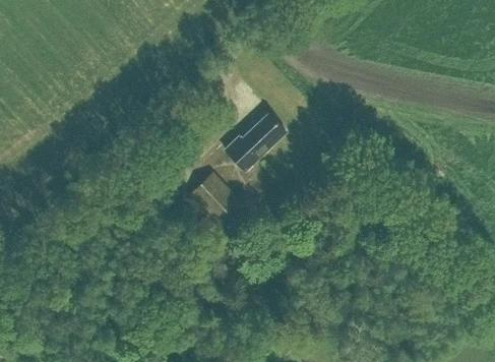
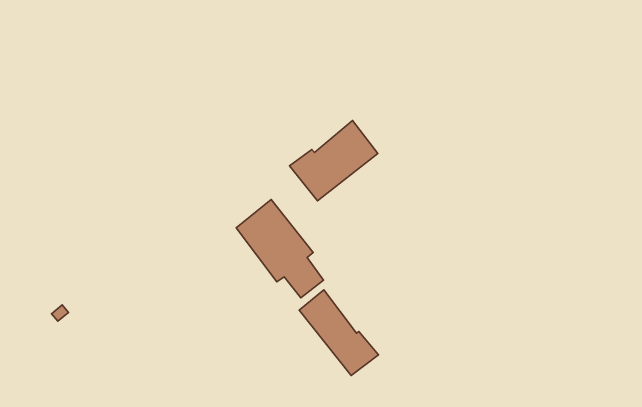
building: none -> [299,290,378,375]

